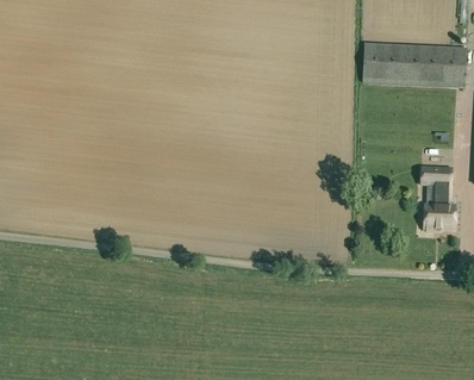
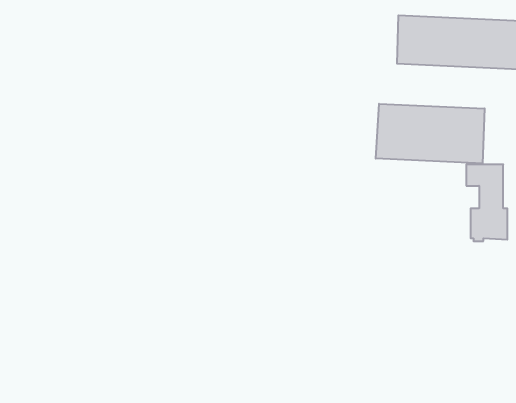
building: none -> [376,104,485,163]

